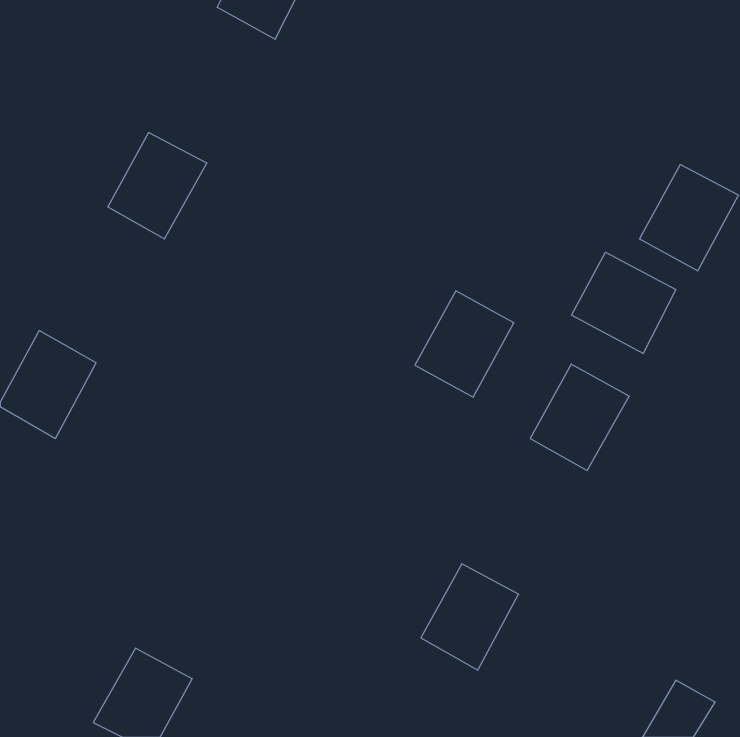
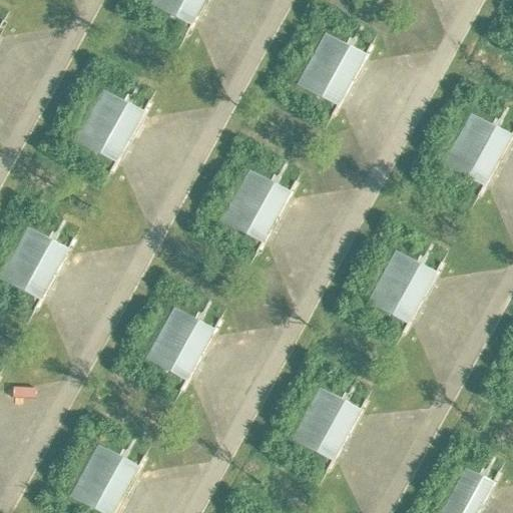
building: none -> [295,32,363,105]
building: [572,252,676,354] -> none
building: [415,291,514,397] -> [219,169,288,242]
building: none -> [144,306,212,380]

